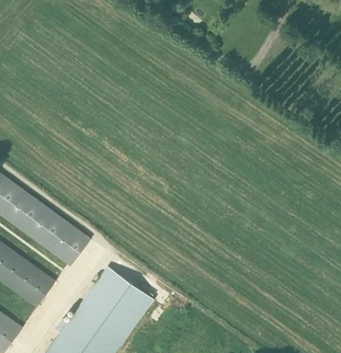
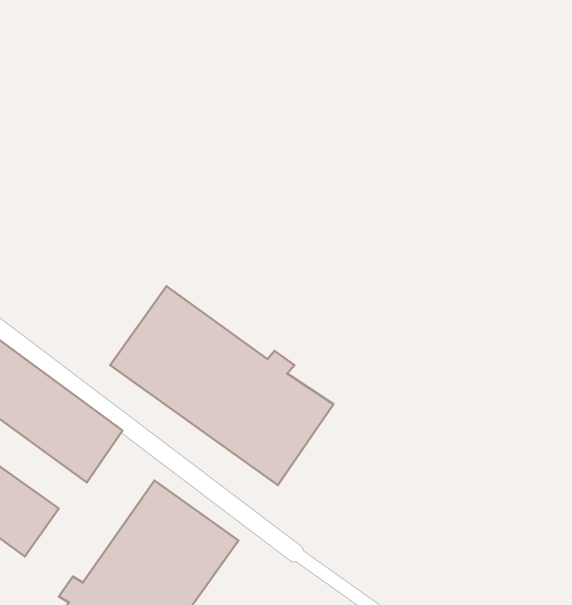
building: none -> [110,286,334,485]

